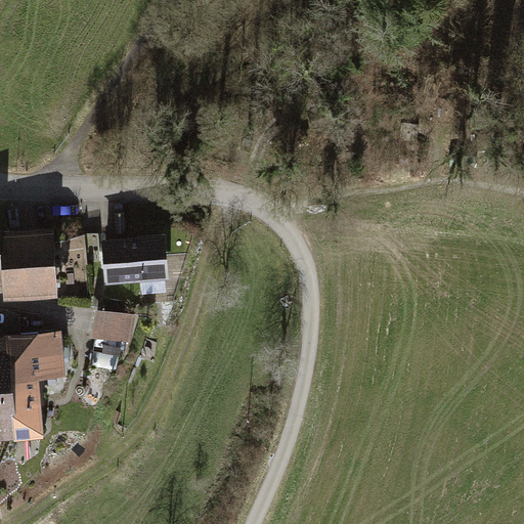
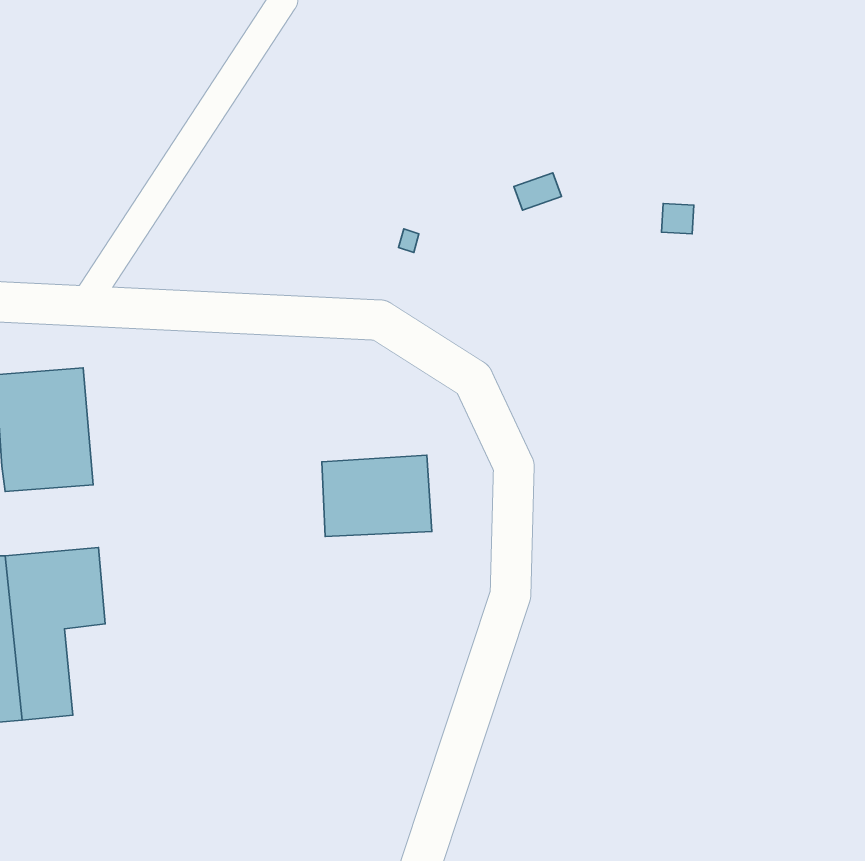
building: [100,236,167,286] -> [322,455,432,536]
building: [90,311,130,341] -> none

